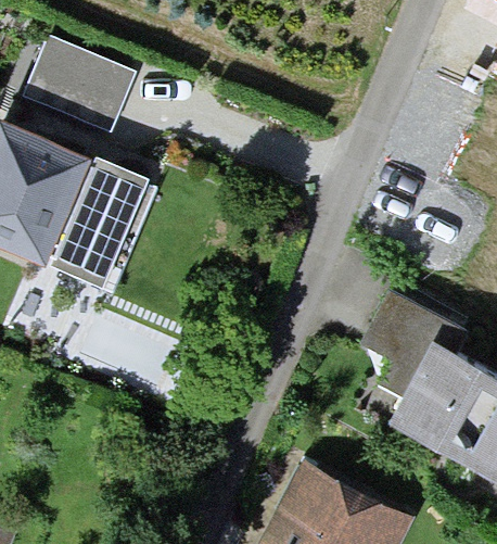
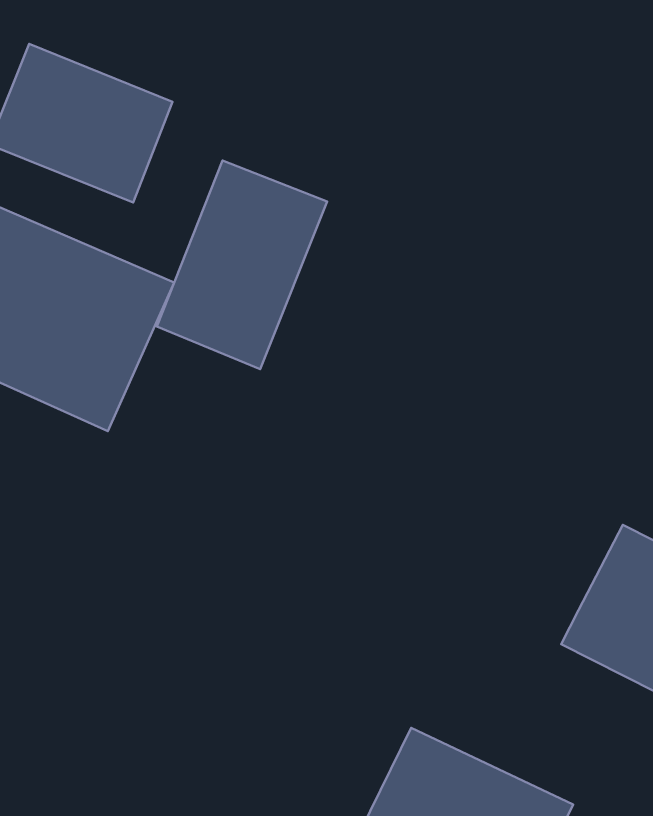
building: none -> [157,160,327,369]
building: [361,296,442,396] -> none

